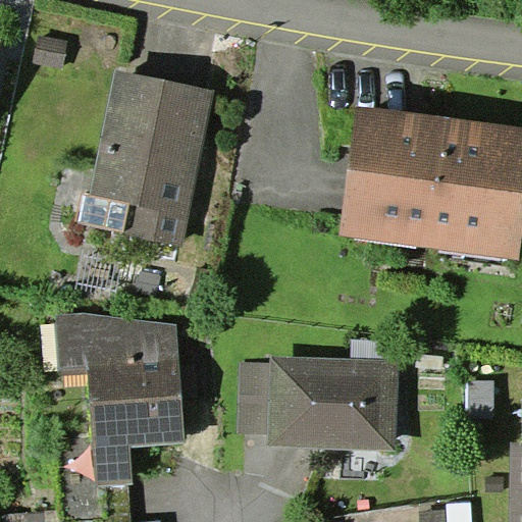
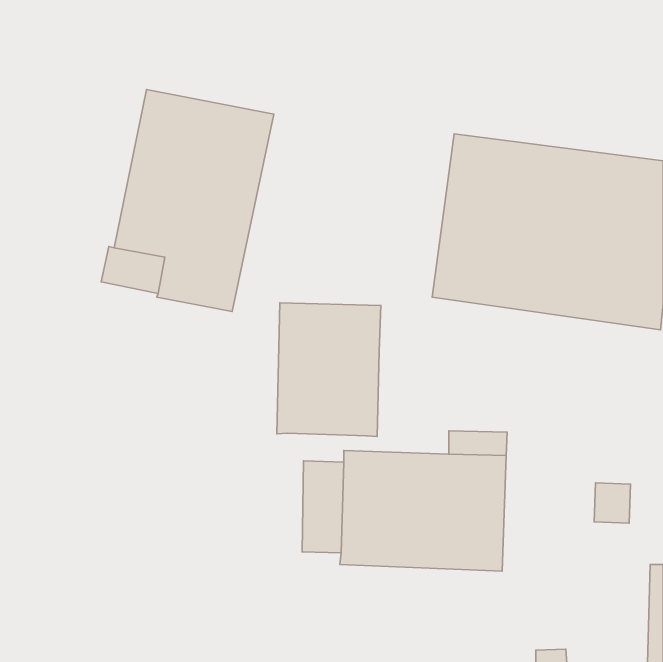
building: none -> [277,303,381,437]
building: [55,313,185,485] -> none

